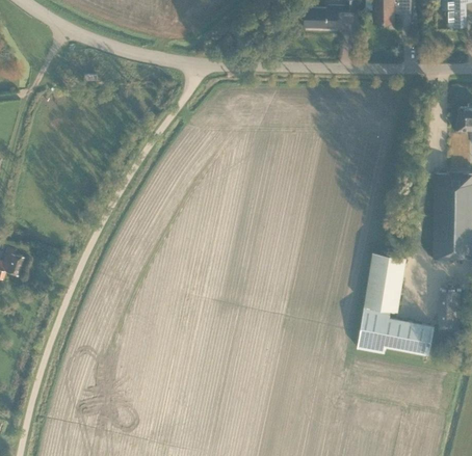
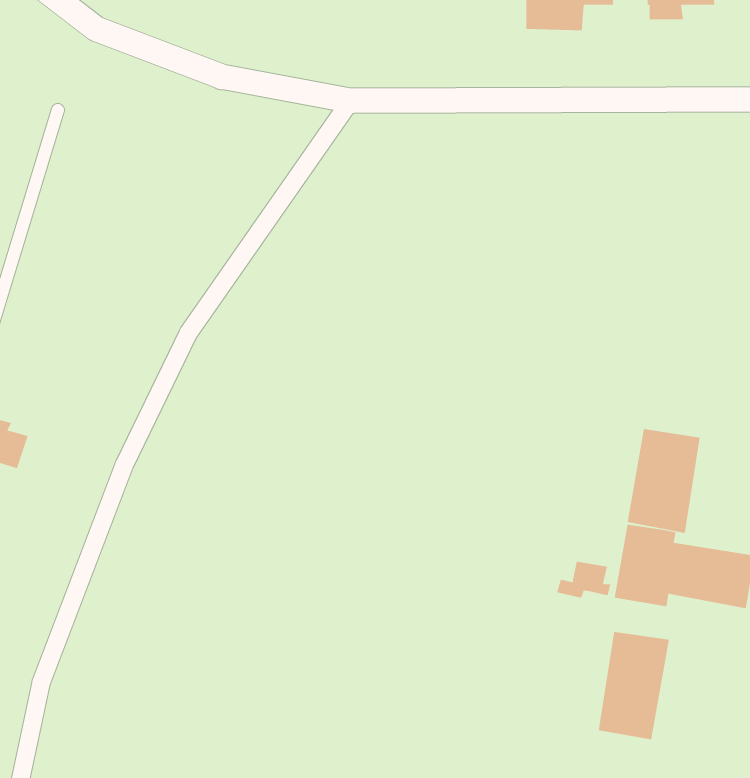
building: none -> [556,561,611,599]
building: none -> [598,631,669,740]

